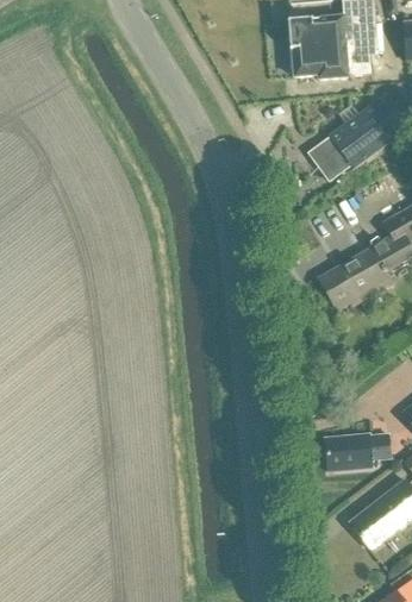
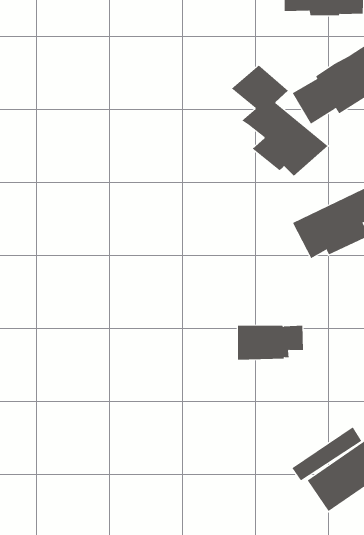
building: none -> [231,64,329,177]
building: [325,434,391,472] -> [237,325,304,360]

